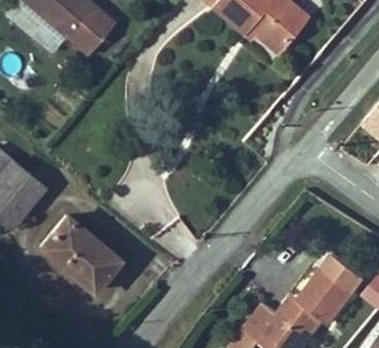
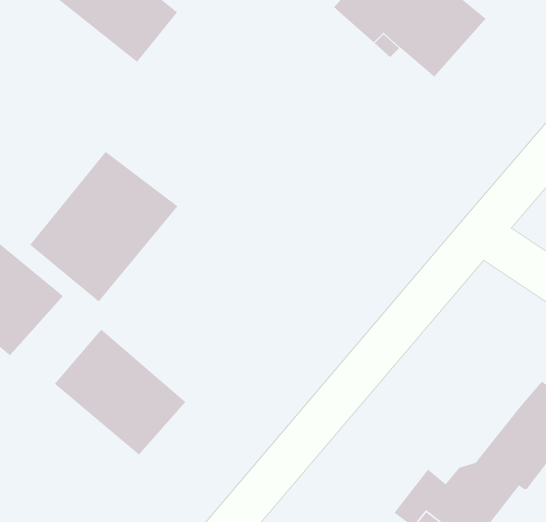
building: none -> [29,151,178,302]

